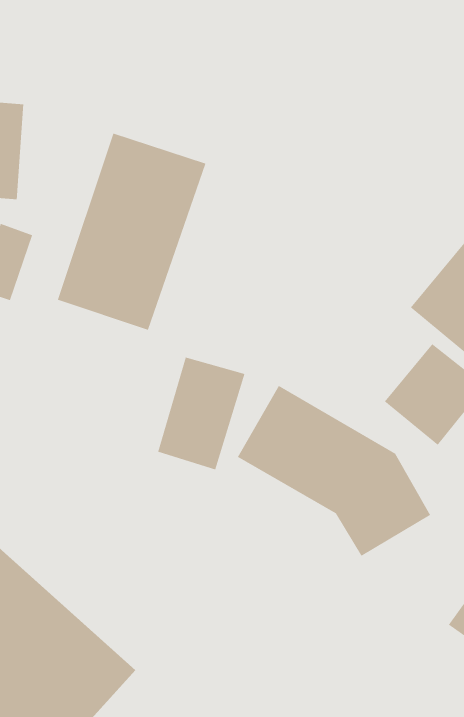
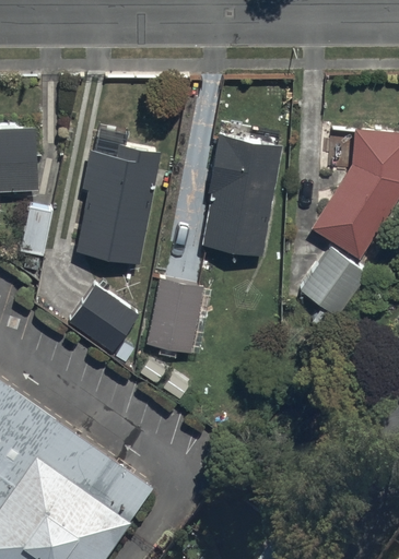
building: none -> [200,130,284,253]
building: none -> [70,286,138,352]
building: [237,385,431,557] -> none

